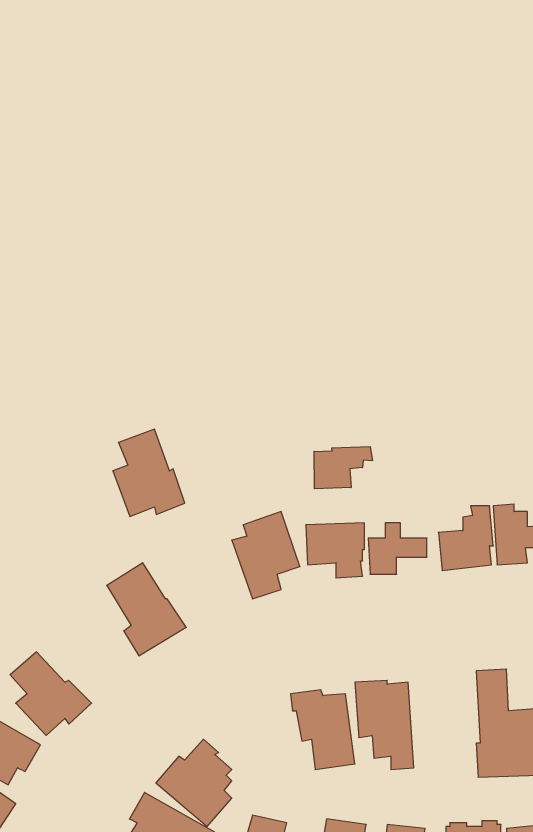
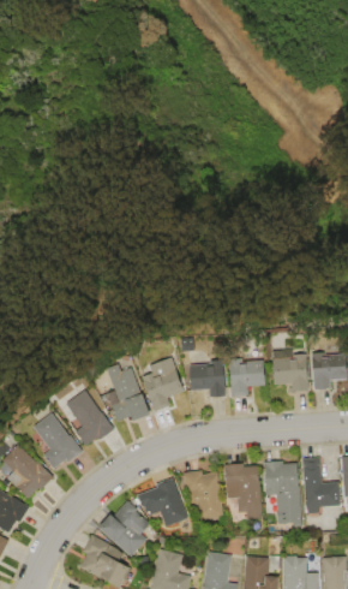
building: [113,429,185,516] -> [112,368,157,423]
building: [314,447,372,489] -> none
building: none -> [31,414,88,470]
building: none -> [265,460,301,528]
building: none -> [140,481,190,528]

